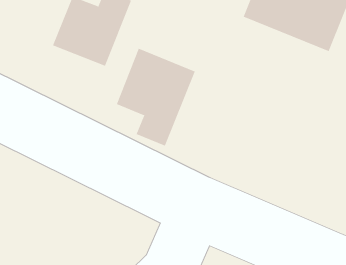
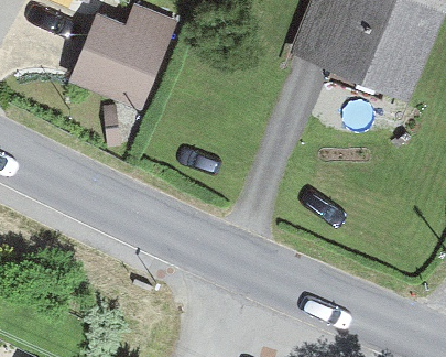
building: [116,48,196,146] -> none

